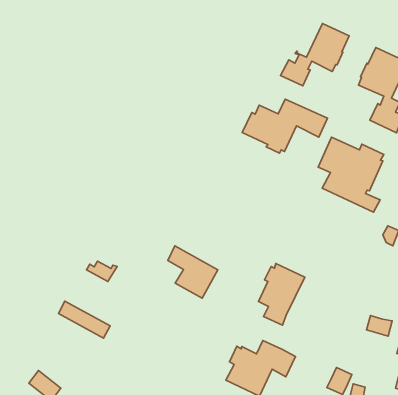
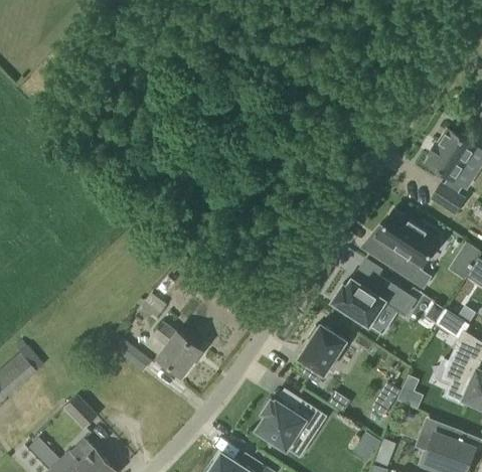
building: [280,23,349,86] -> none
building: [242,99,328,153] -> [330,276,415,327]
building: [168,246,218,298] -> [153,321,200,375]

